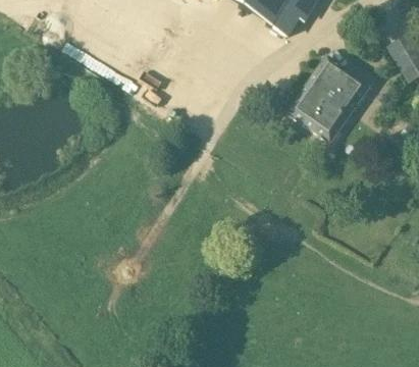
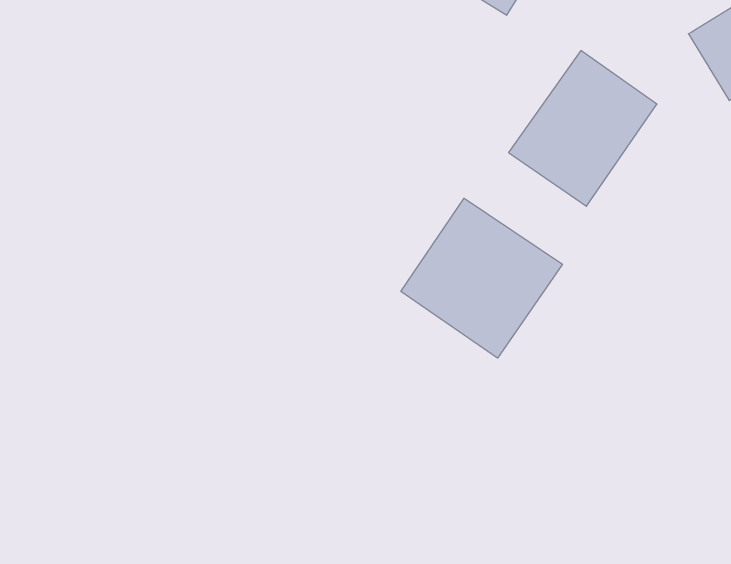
building: none -> [401,198,562,358]

